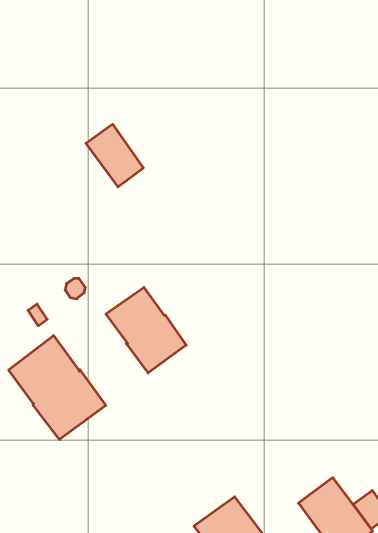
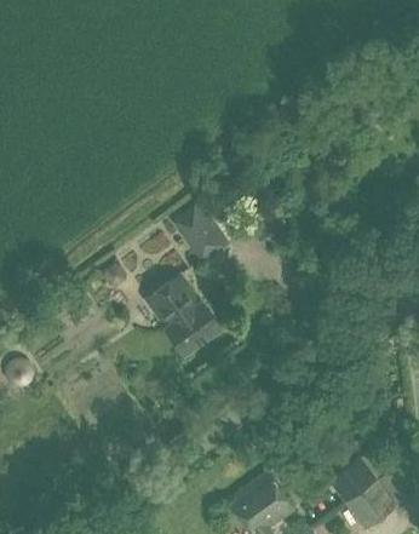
building: [86,124,143,187] -> [172,203,226,263]
building: [9,336,106,440] -> none

